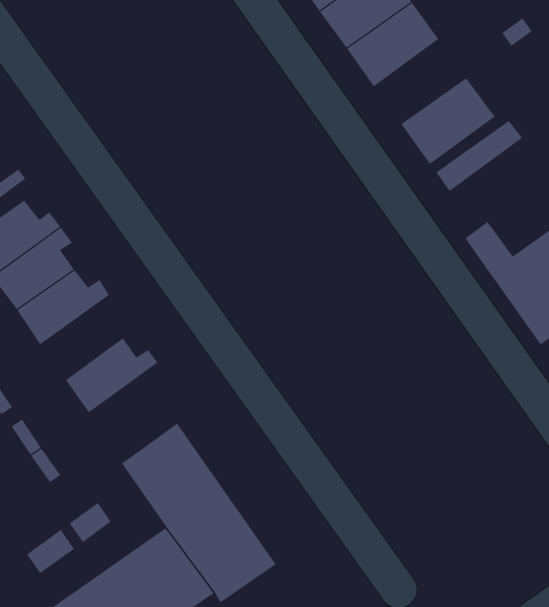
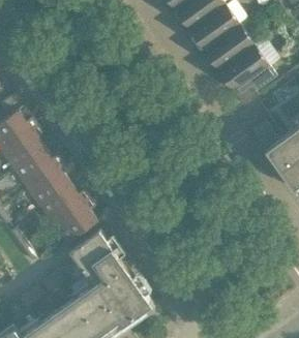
building: none -> [204,25,253,70]
building: none -> [26,161,70,207]
building: none -> [52,197,97,244]

